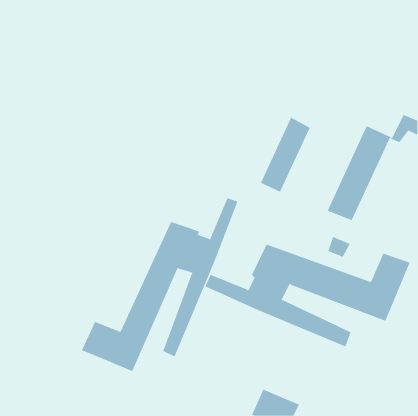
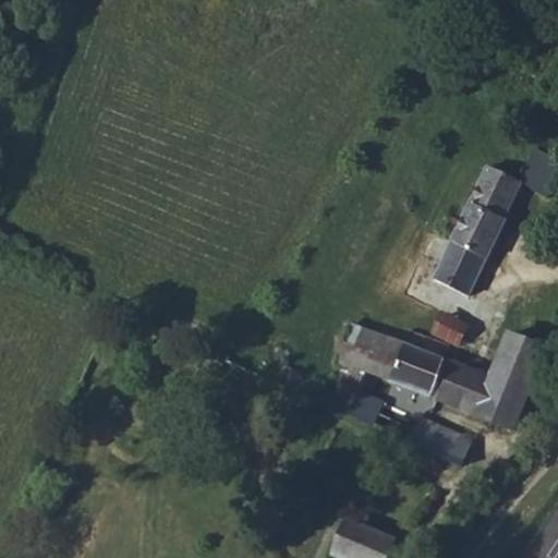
building: [260,117,310,193] -> none
building: [81,197,238,372] -> none

